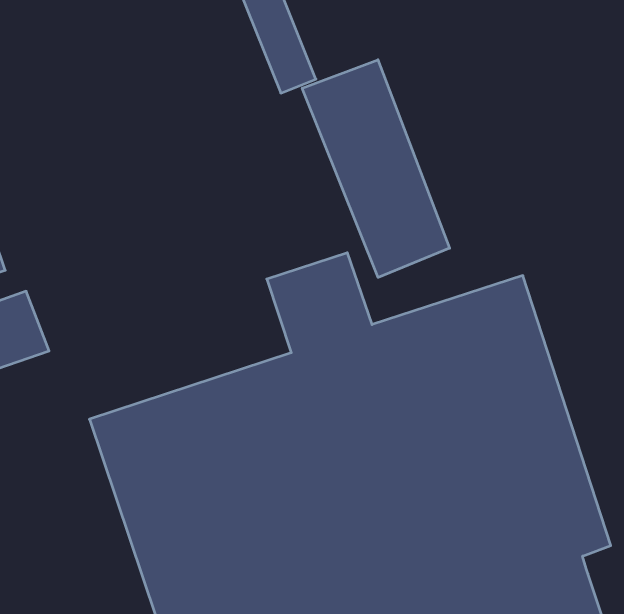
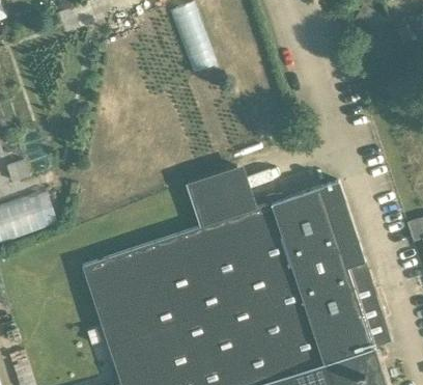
building: [302,60,450,277] -> none

